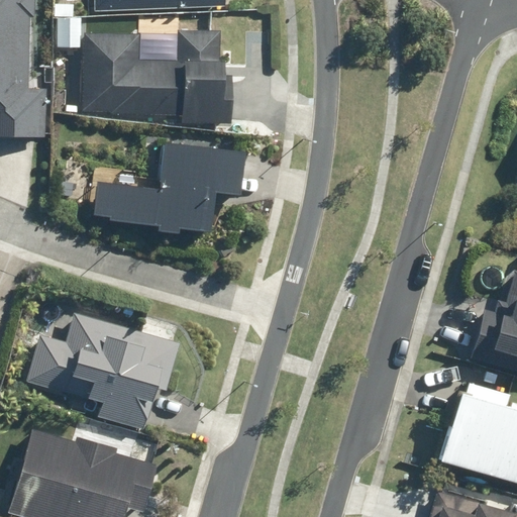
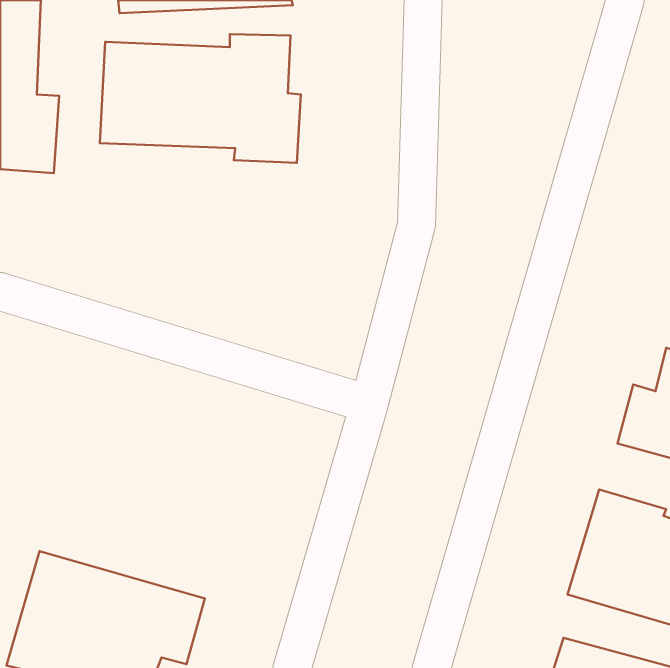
building: [92,139,245,234] -> none
building: [26,315,170,428] -> none

